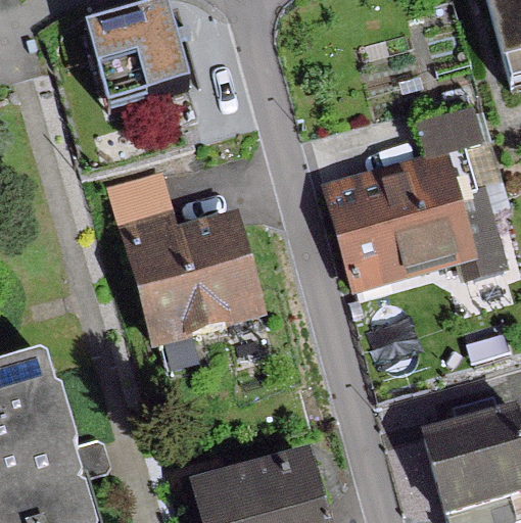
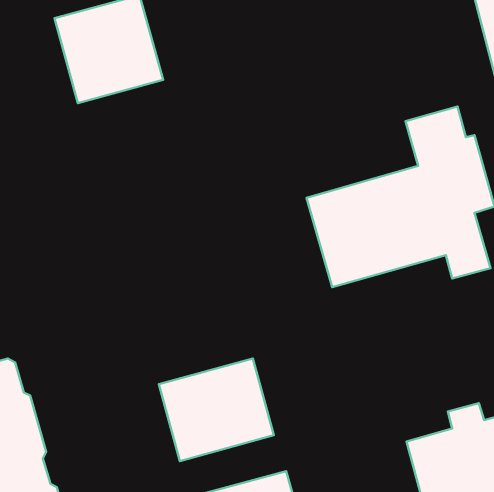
building: [105,171,255,338] -> none
building: none -> [159,358,274,461]

